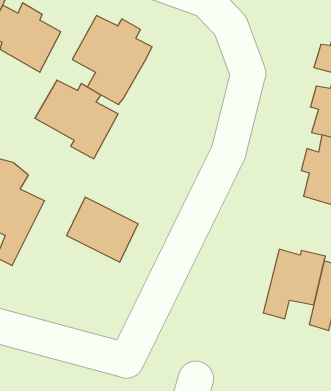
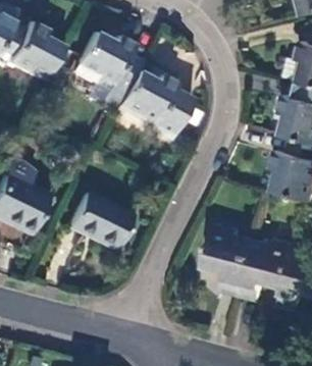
building: [35,80,118,159] -> [117,71,191,141]
building: none -> [207,222,255,294]

